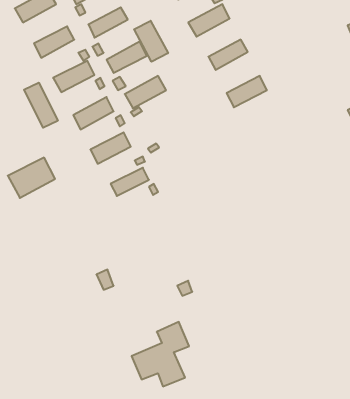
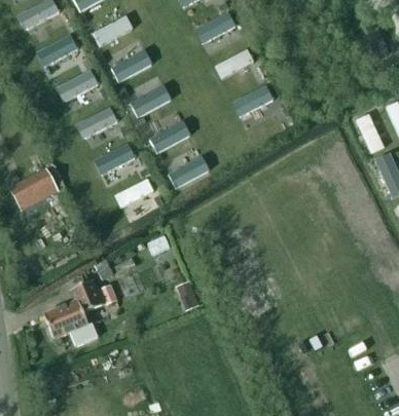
building: [134,21,168,62] -> none
building: [24,83,58,128] -> none
building: none -> [148,121,189,154]
building: none -> [167,156,209,189]
building: [132,322,189,386] -> [43,280,102,346]

